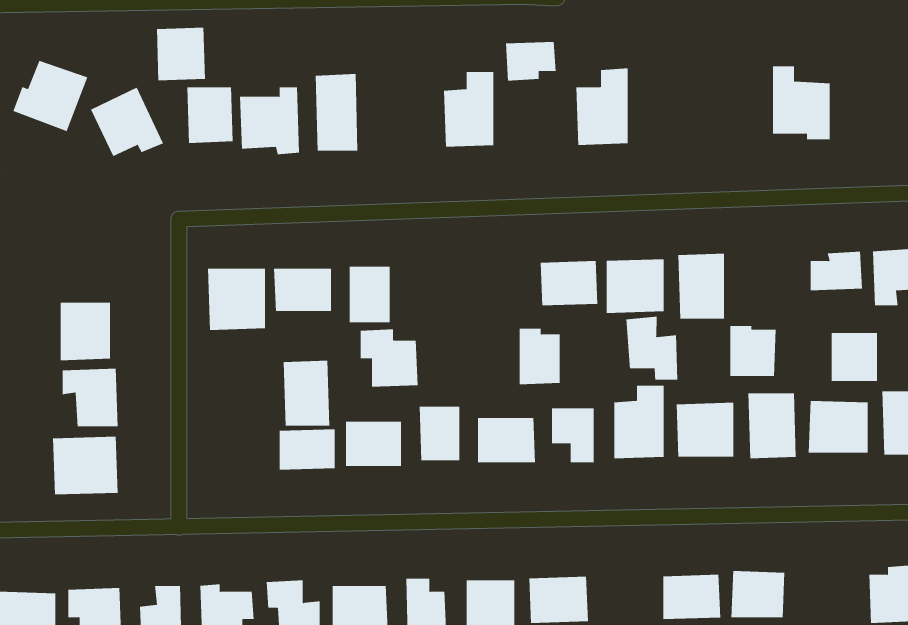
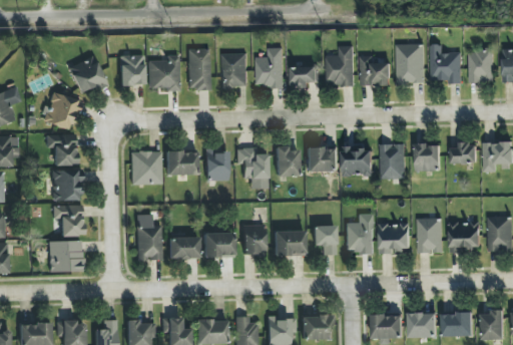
building: [156,27,205,81] -> none
building: [505,41,556,81] -> [291,66,318,87]
building: [13,60,88,132] -> [40,92,80,130]
building: none -> [396,44,425,83]
building: none -> [469,49,493,81]
building: none -> [222,53,246,86]
building: none -> [360,55,392,85]
building: none -> [46,134,76,165]
building: [626,316,678,380] -> none
building: [729,325,777,376] -> [416,143,441,170]
building: [519,328,560,385] -> [276,146,298,177]
building: [360,329,418,387] -> [236,147,268,179]
building: [831,332,878,382] -> none
building: [283,360,330,426] -> [136,225,161,260]
building: none -> [443,313,473,336]

